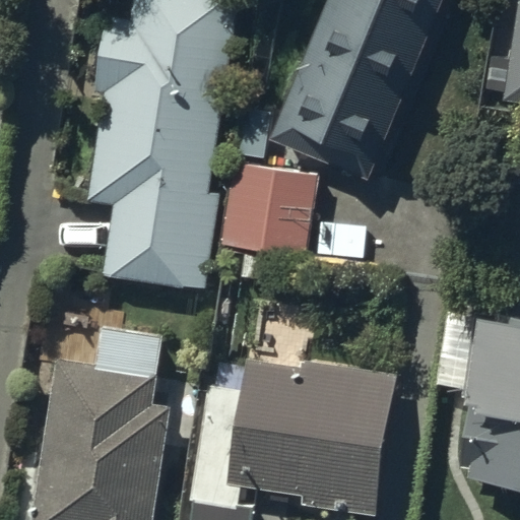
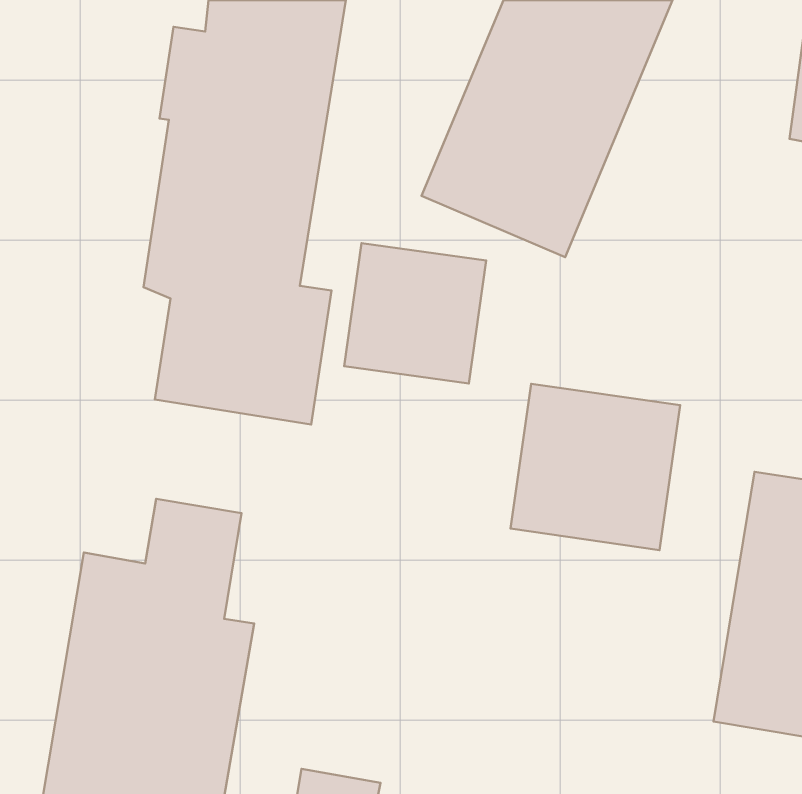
building: none -> [510,384,680,550]
building: [239,368,390,512] -> none

